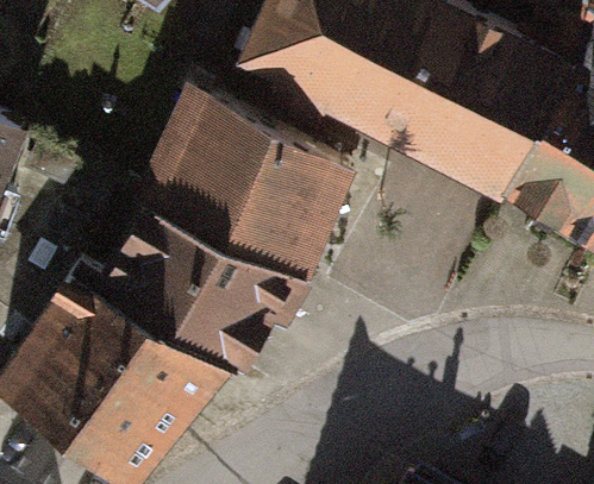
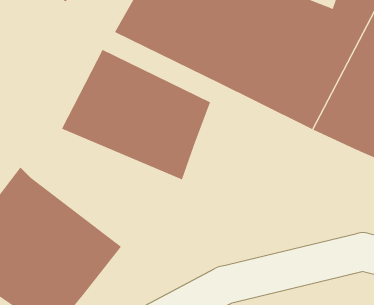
building: [104,194,314,358] -> none

